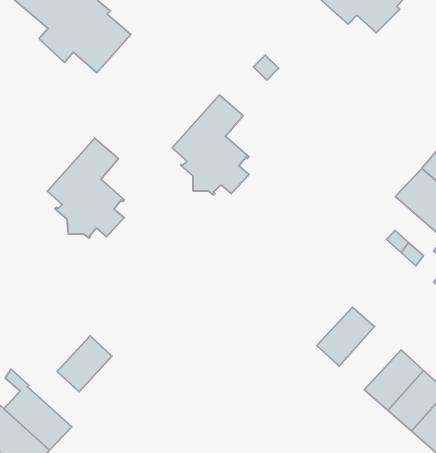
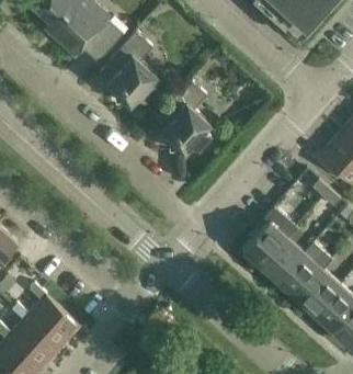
building: [47,138,124,238] -> [101,32,158,106]
building: none -> [243,207,297,267]
building: none -> [278,242,333,299]
building: [57,336,112,392] -> none

